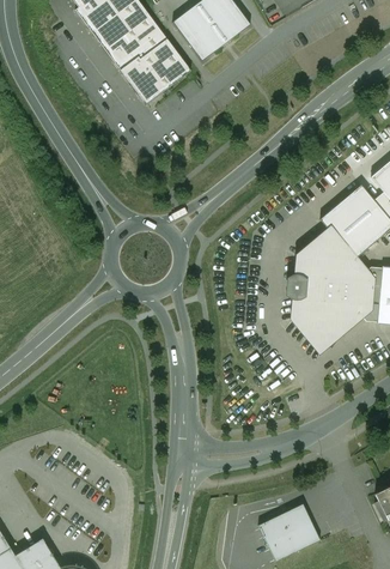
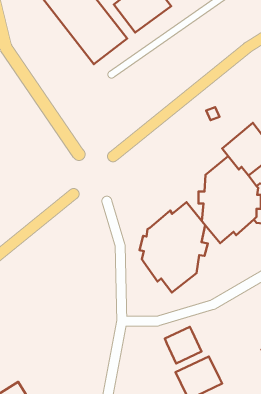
building: none -> [139,202,208,292]
building: none -> [165,327,201,364]

